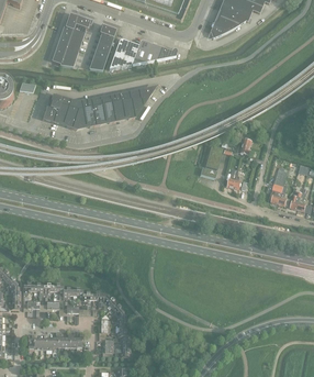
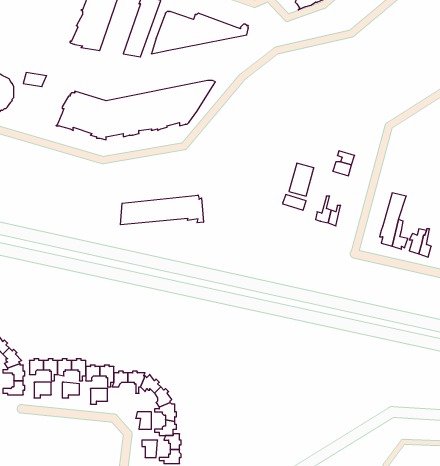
building: none -> [121,195,203,225]

